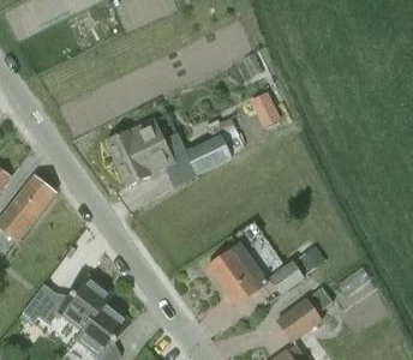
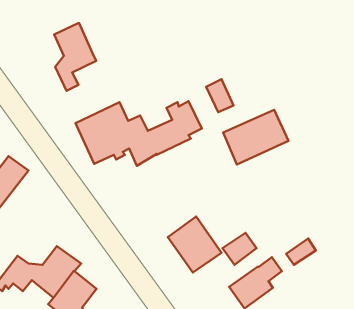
building: none -> [54,23,96,91]
building: none -> [223,110,289,165]

